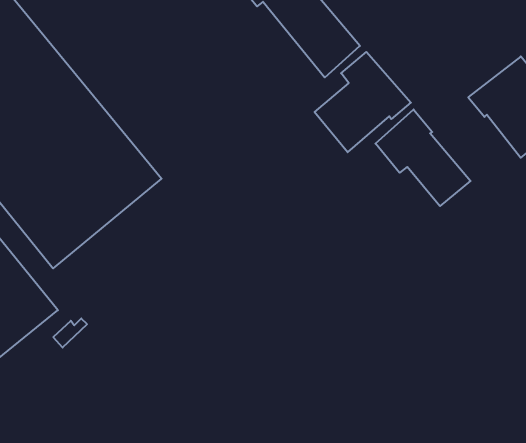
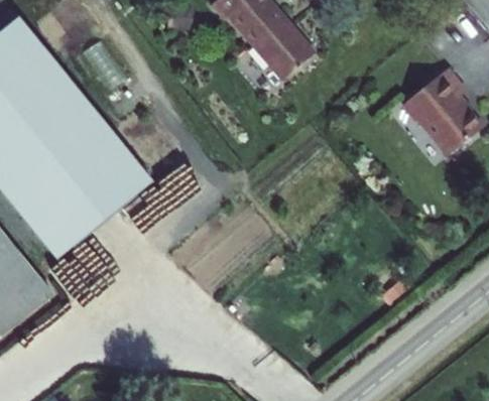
building: [315,52,411,152] -> none
building: [375,109,471,206] -> none

